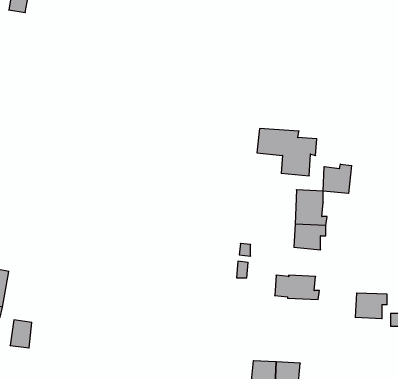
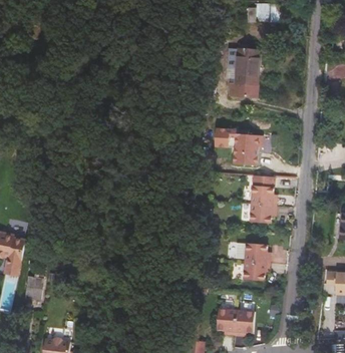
building: none -> [228,48,260,96]
building: [323,164,352,193] -> none
building: [355,293,387,319] -> [244,260,269,280]

